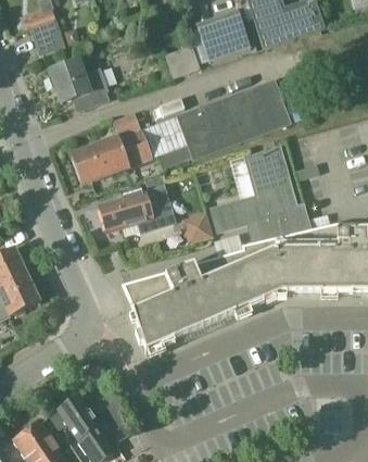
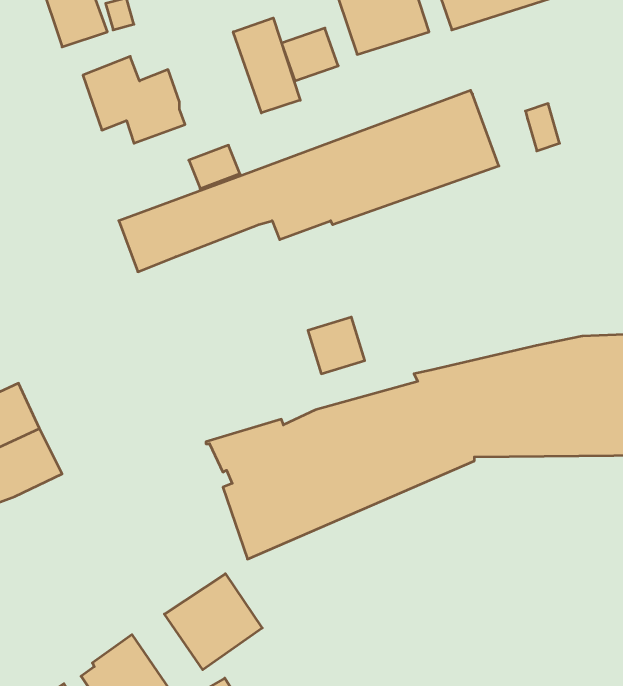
building: none -> [233,18,300,113]
building: [214,148,312,240] -> none
building: [99,186,176,236] -> none
building: none -> [164,574,262,670]

